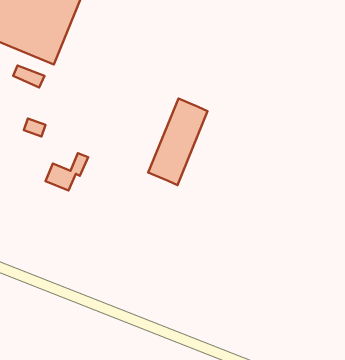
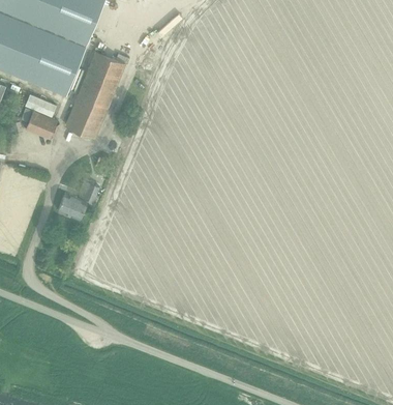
building: none -> [26,113,58,141]
building: [148,99,208,185] -> [66,53,125,139]

